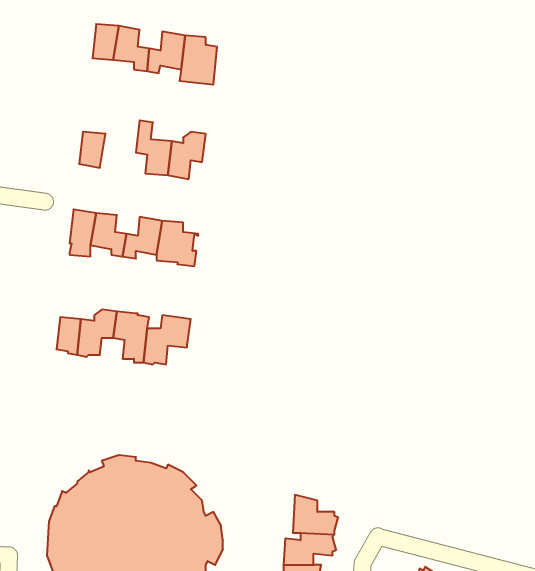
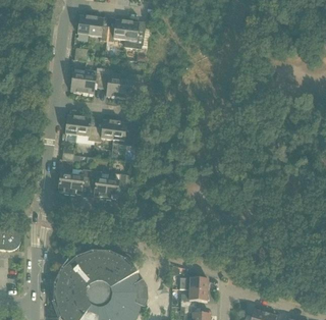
building: none -> [83,67,104,94]

